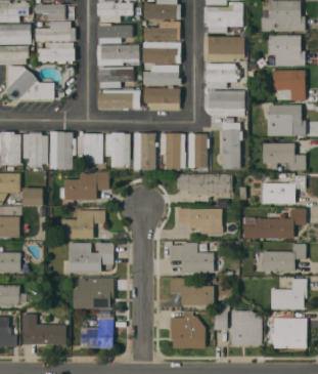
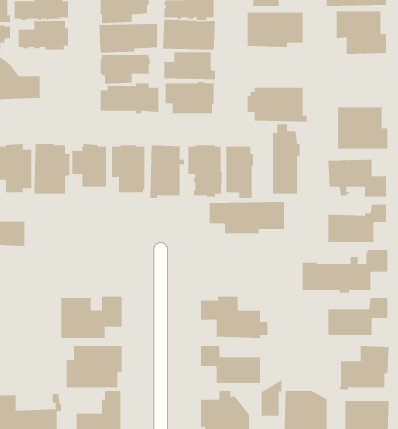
building: [205,63,239,88] -> none
building: [272,70,305,100] -> none
building: [59,171,107,200] -> none
building: [178,208,223,233] -> none
building: [60,210,105,239] -> none

